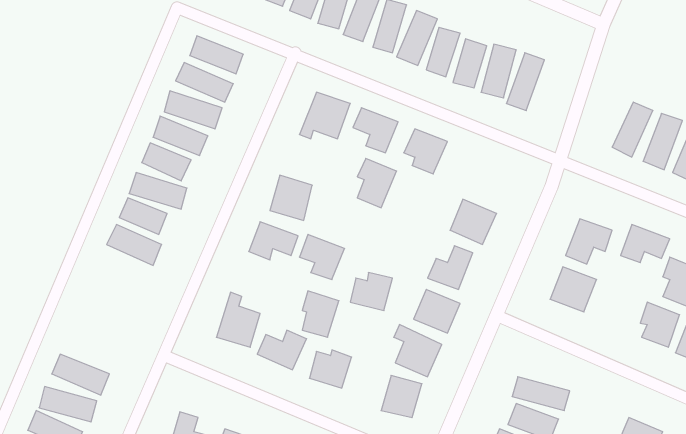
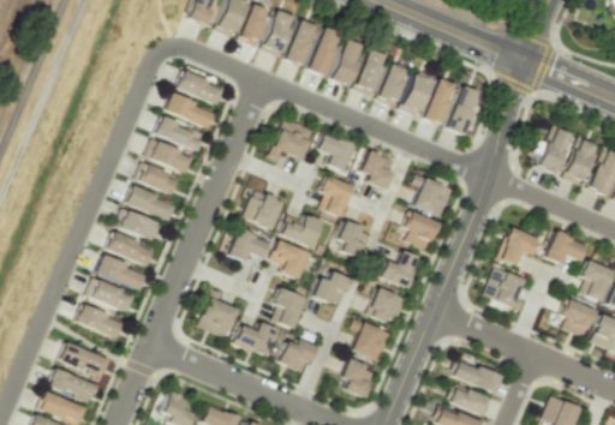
building: none -> [413,174,454,219]
building: none -> [281,215,323,247]
building: none -> [338,223,372,259]
building: none -> [96,257,147,291]
building: none -> [86,279,135,313]
building: none -> [77,306,123,339]

